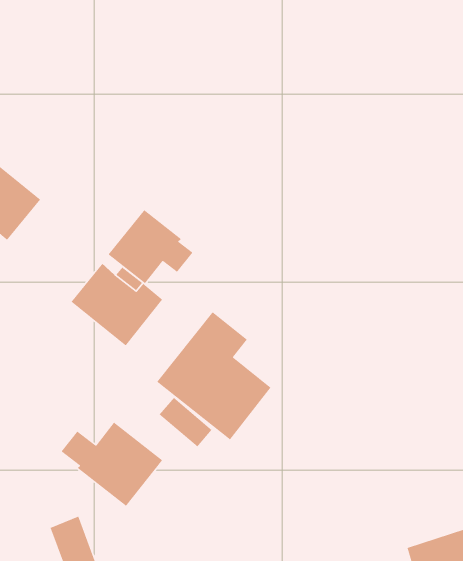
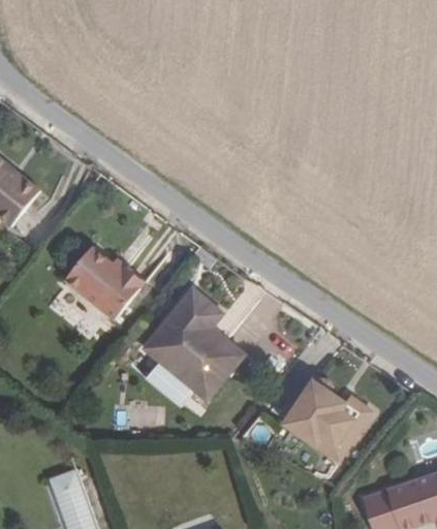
building: [107,209,193,284] -> none
building: none -> [283,382,369,461]
building: [61,422,163,507] -> none

